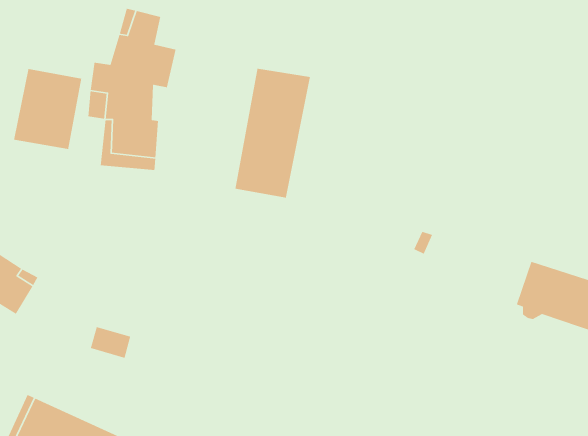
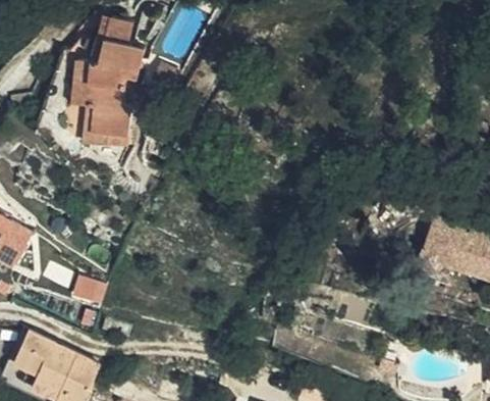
building: [235,68,311,199] -> none
building: [13,68,82,150] -> none

